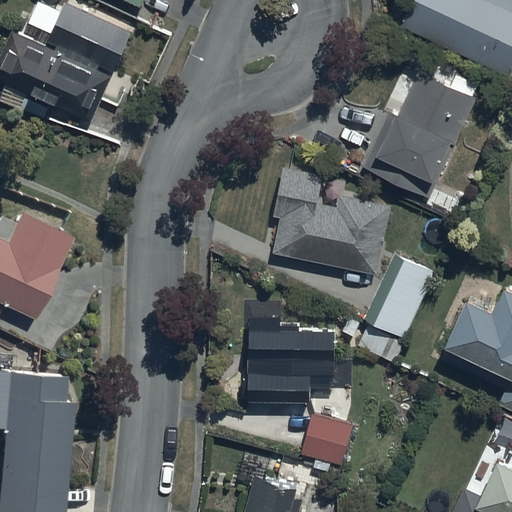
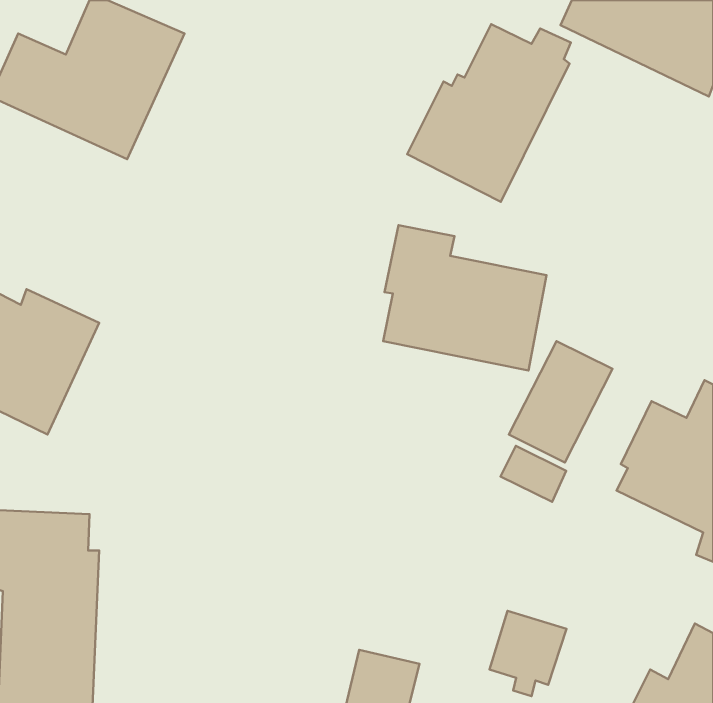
building: [362,71,479,198] -> [407,24,571,202]
building: [249,313,339,399] -> none
building: [299,413,354,474] -> [489,611,566,696]

